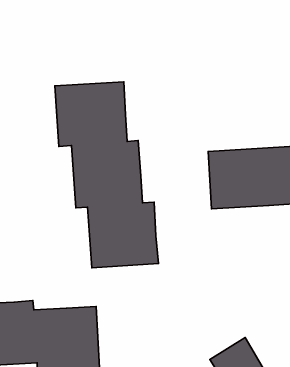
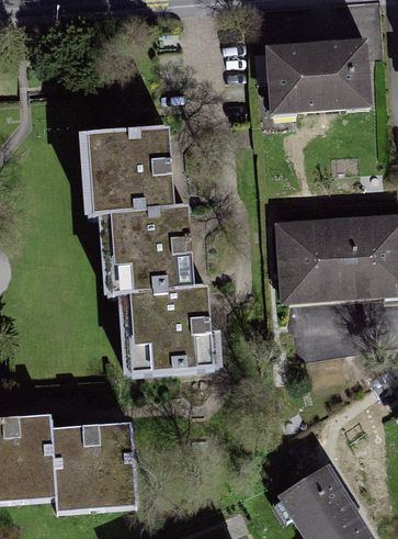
building: none -> [270,41,368,108]

